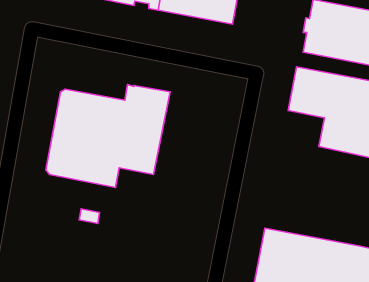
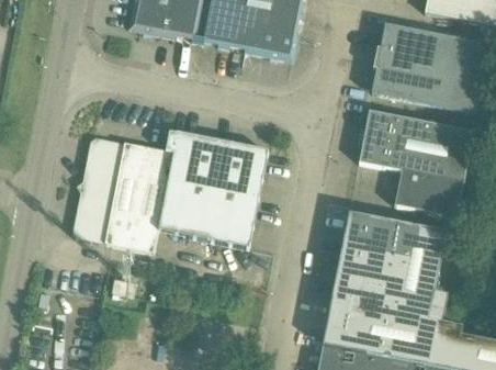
building: none -> [199,139,268,247]
building: none -> [330,213,446,322]

